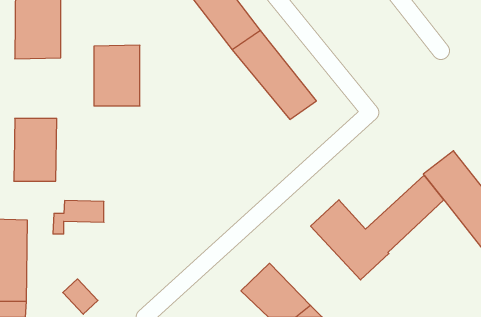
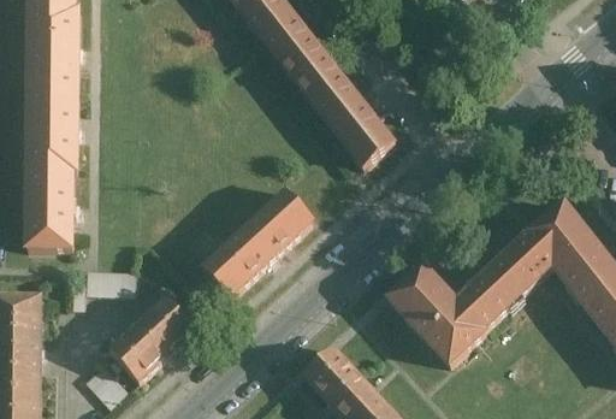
building: [94,45,140,106] -> [25,89,82,164]
building: none -> [202,188,313,295]
building: none -> [108,291,196,379]

